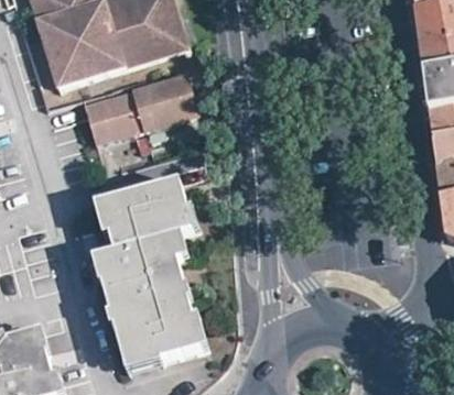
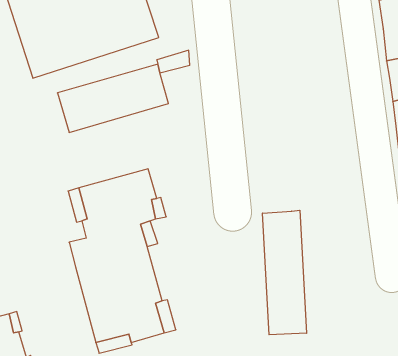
building: none -> [263,210,307,335]

